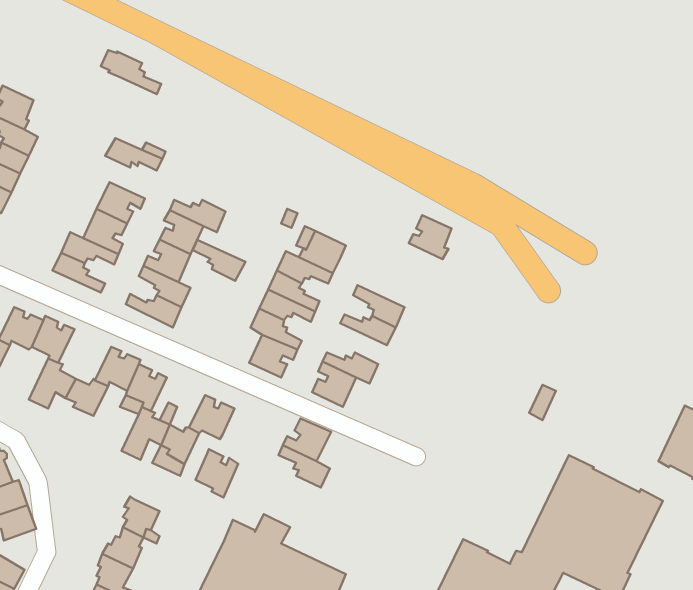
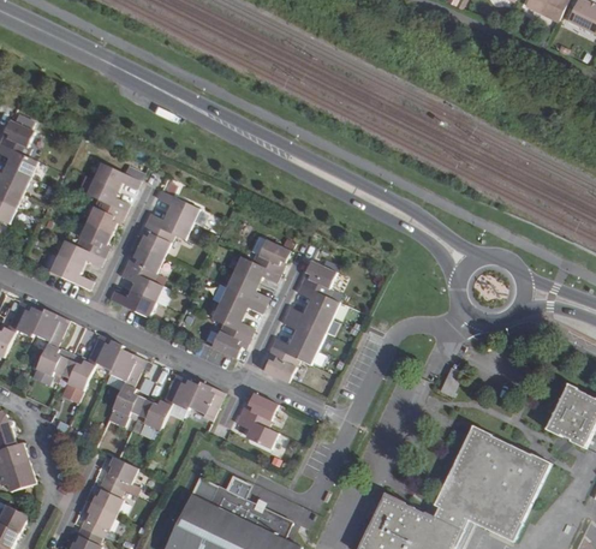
building: [101,50,161,94] -> [79,178,129,214]
building: [409,215,451,259] -> [299,262,334,298]
building: [193,240,246,281] -> [156,191,199,225]
building: none -> [281,316,323,350]
building: [195,449,238,497] -> [189,382,224,422]

